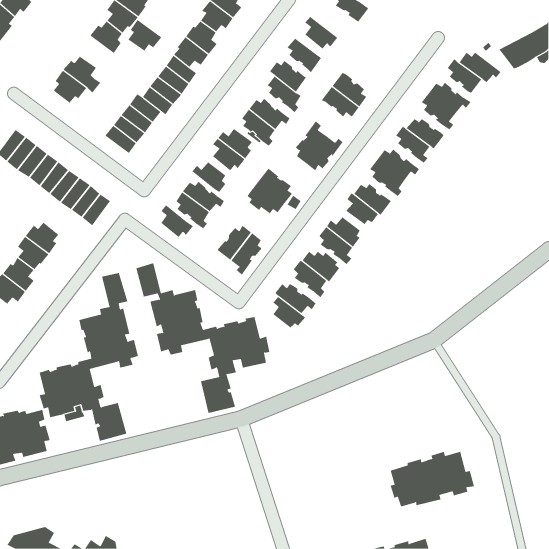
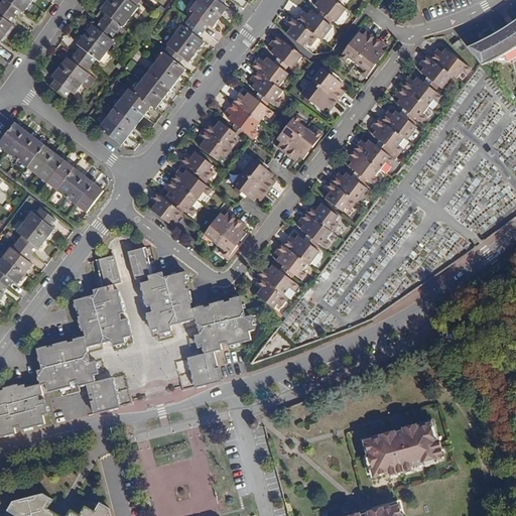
building: none -> [295,10,332,39]
building: [128,19,162,51] -> [75,33,107,63]
building: none -> [339,30,385,77]

